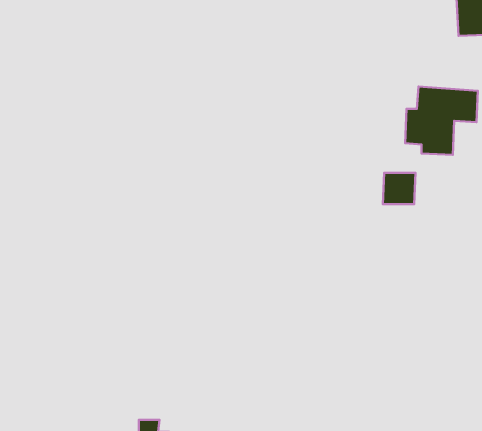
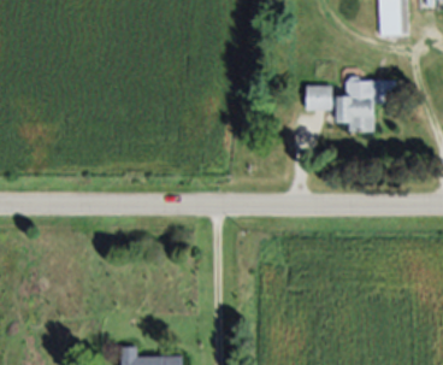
building: [383,173,416,204] -> [305,86,331,111]

